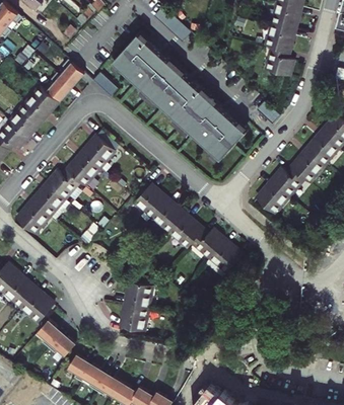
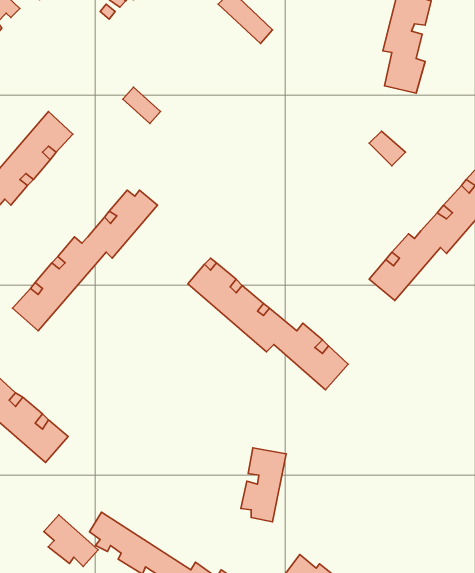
building: [113,33,246,160] -> none
building: [47,59,82,99] -> none
building: [121,281,151,331] -> [241,448,286,522]
building: [39,321,75,355] -> [44,515,98,566]

